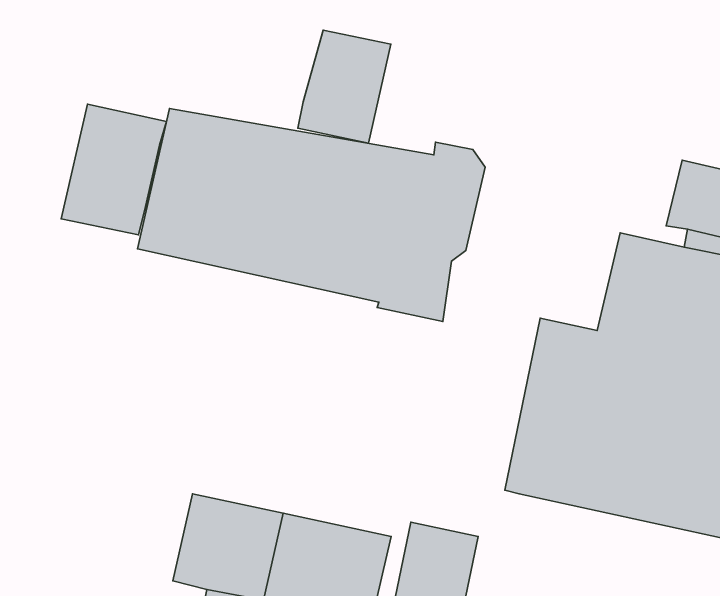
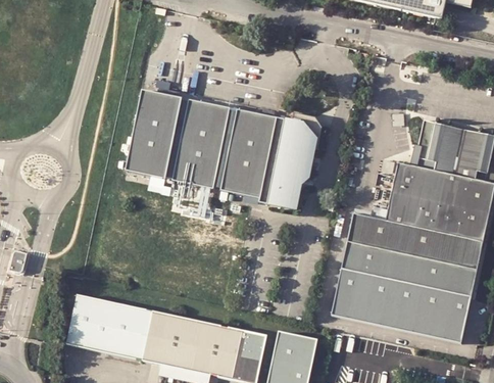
building: [298,30,391,143] -> none
building: [61,104,167,235] -> none
building: none -> [65,295,153,362]

